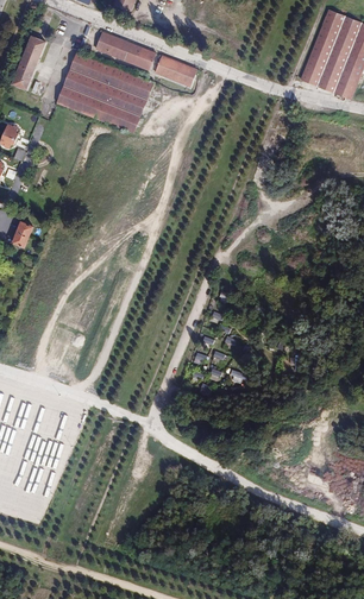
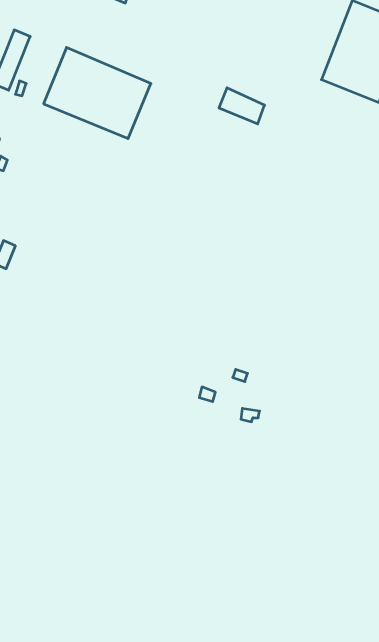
building: [94,31,153,69] -> none
building: [153,53,194,86] -> [219,88,265,124]

